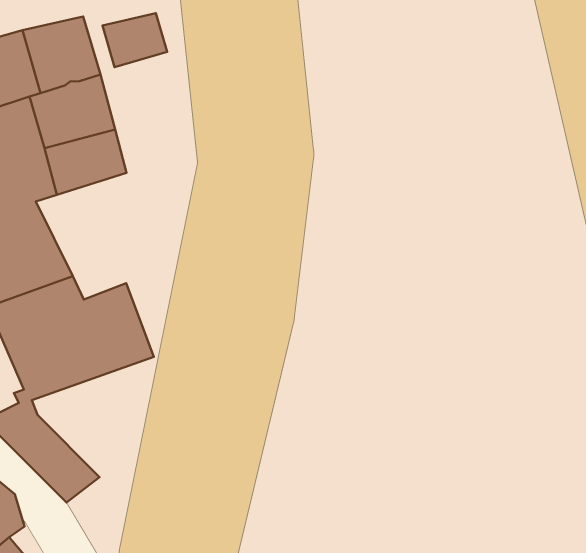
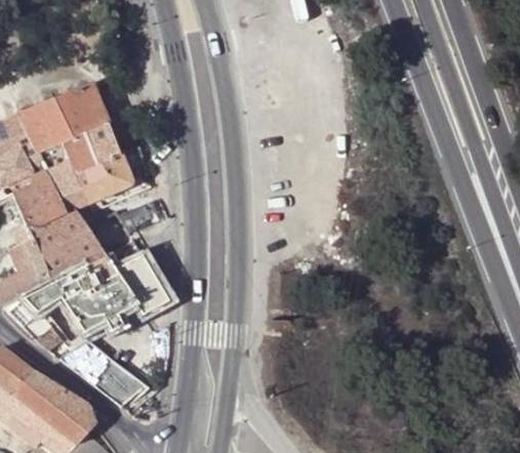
building: [102,13,167,67] -> none

